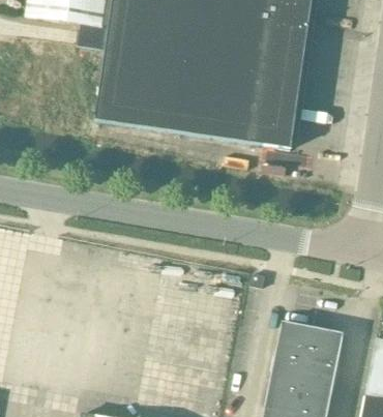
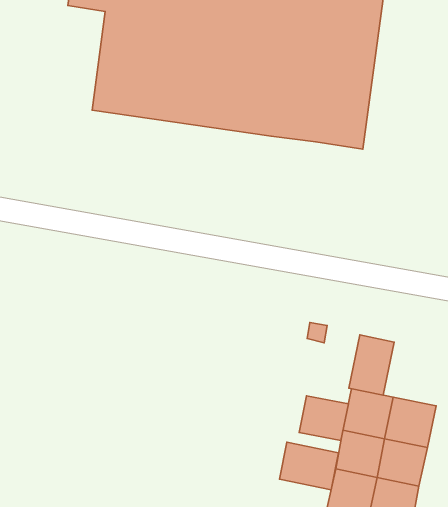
building: none -> [349,335,394,395]
building: none -> [299,396,348,441]
building: none -> [280,442,338,490]

